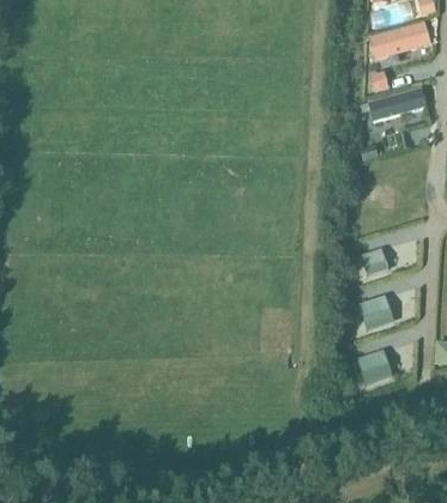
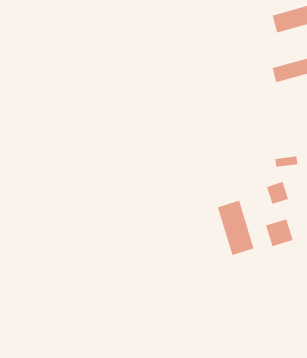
building: none -> [217,200,254,256]
building: [356,350,393,386] -> none

